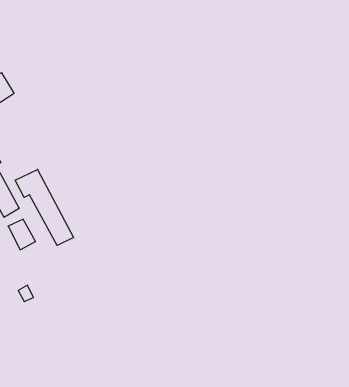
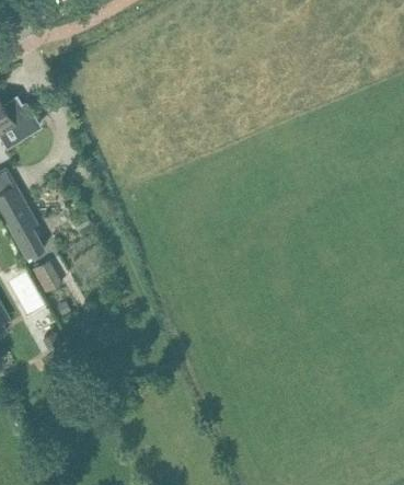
building: [15,169,74,245] -> none

